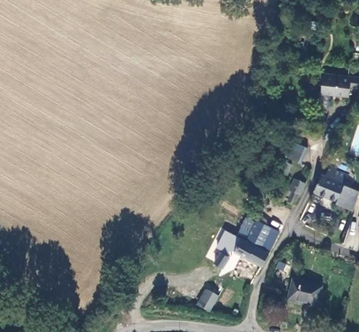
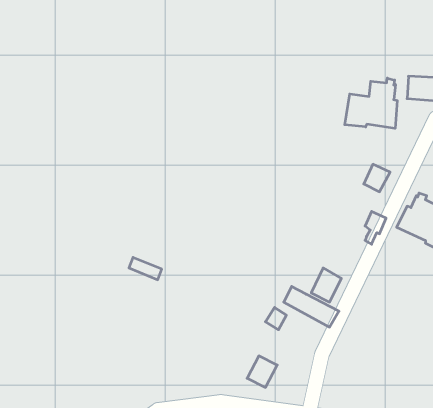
building: none -> [345,78,397,128]
building: [287,283,320,309] -> none

